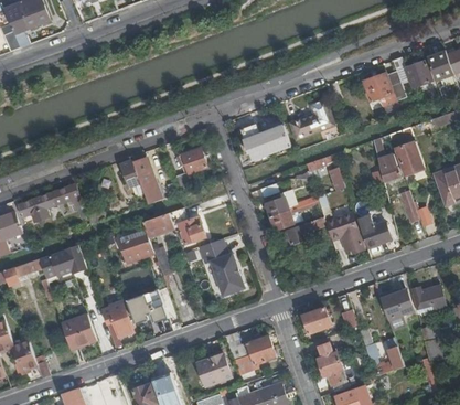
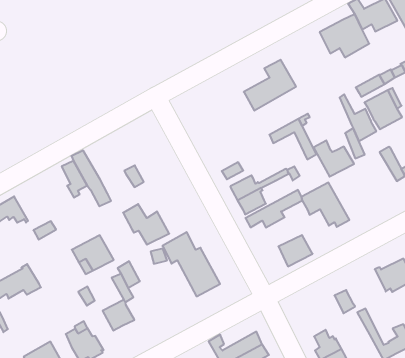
building: [242,125,290,159] -> none
building: [176,148,206,173] -> none
building: [142,213,173,238] -> none
building: [357,215,391,247] -> [314,140,354,177]
building: [302,308,331,333] -> [278,235,313,266]

